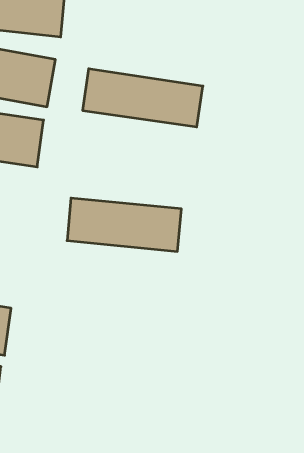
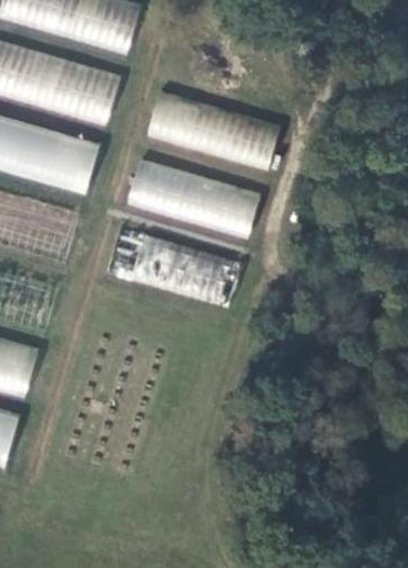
building: none -> [123,158,259,240]

